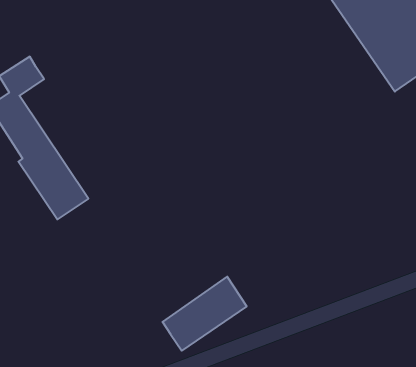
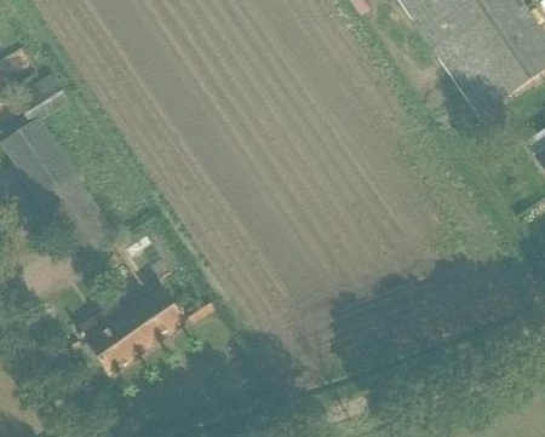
building: [162,277,247,351] -> [87,286,187,373]

